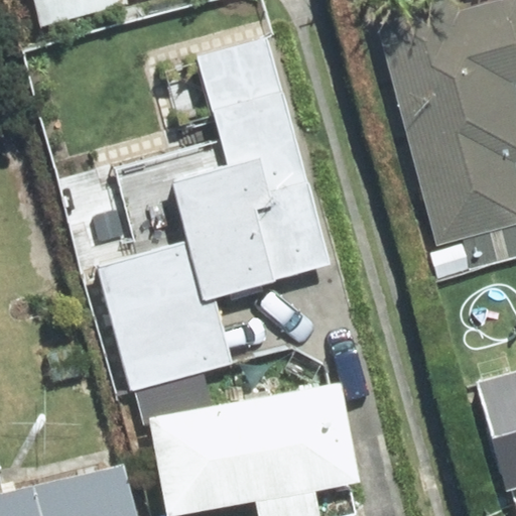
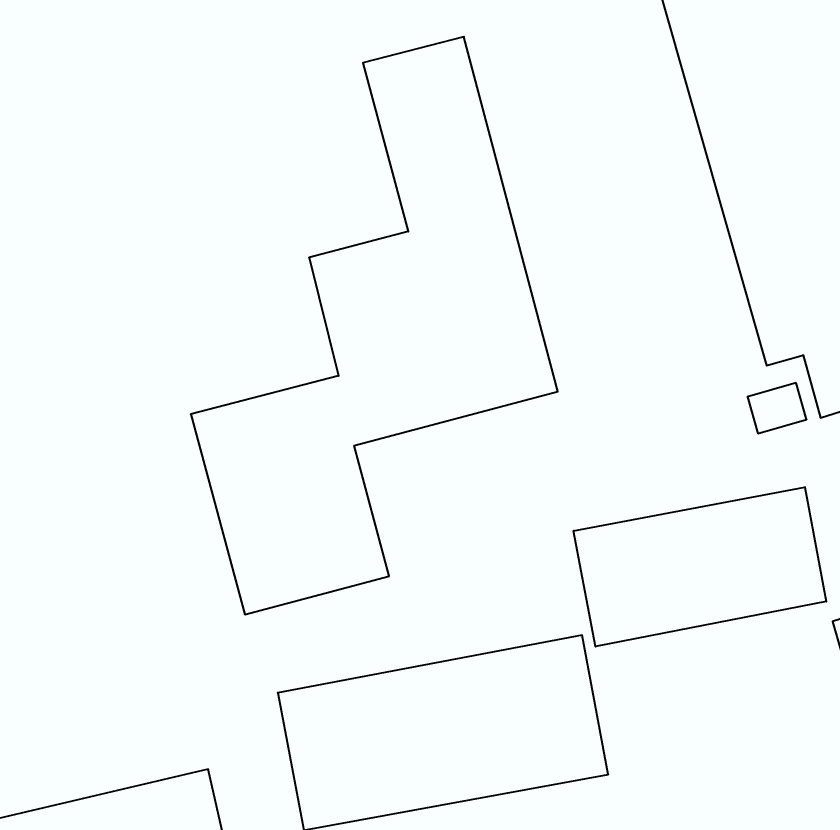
building: none -> [574,487,826,647]

